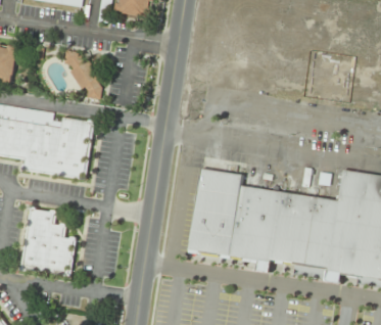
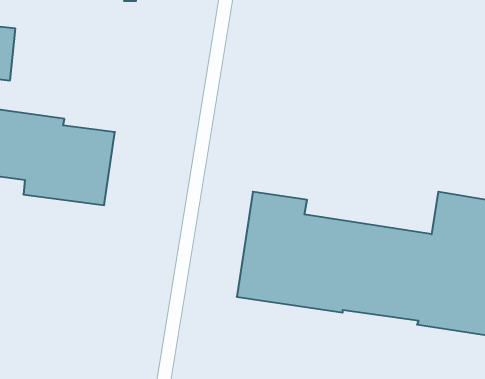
building: [64,50,104,102] -> none
building: [21,208,77,277] -> none

